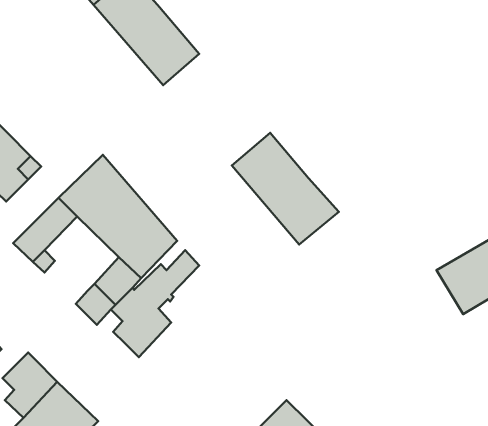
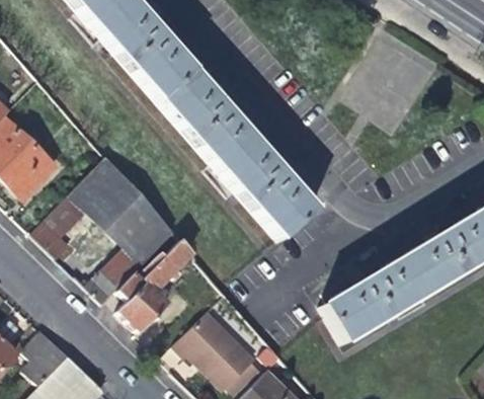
building: none -> [162,70,255,167]
building: none -> [324,258,423,342]
building: none -> [176,313,256,389]

